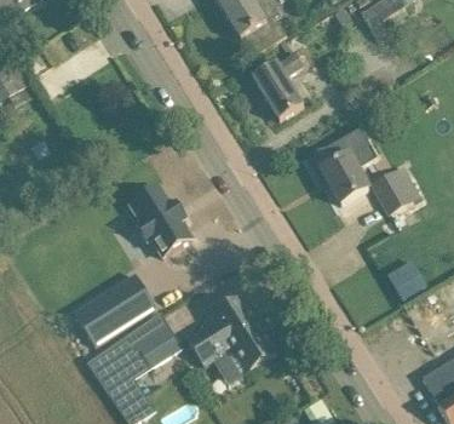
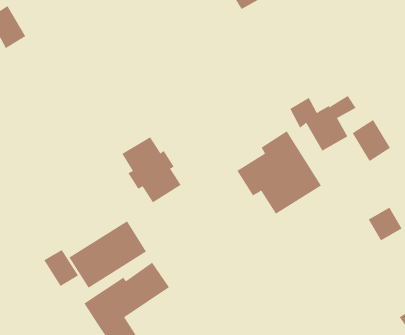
building: [252,52,303,119] -> none
building: [186,294,276,383] -> [237,130,322,214]
building: none -> [44,249,79,287]

